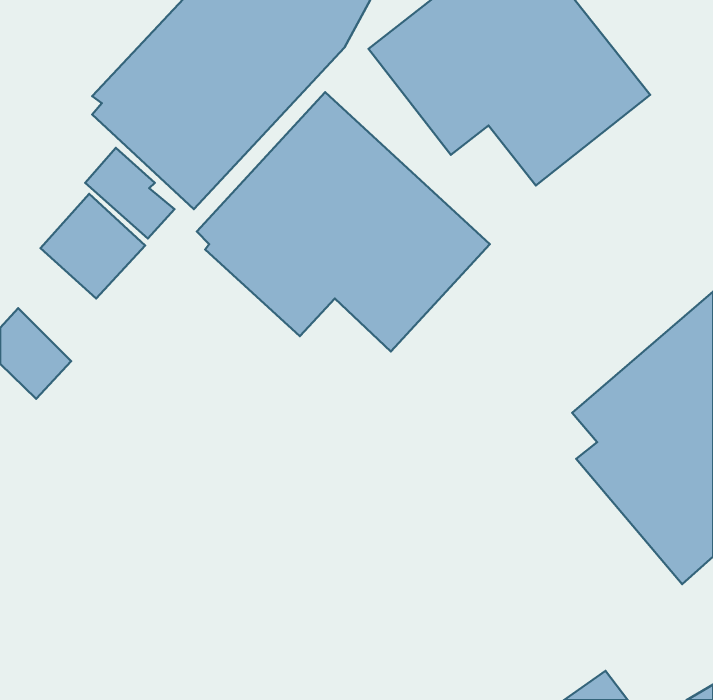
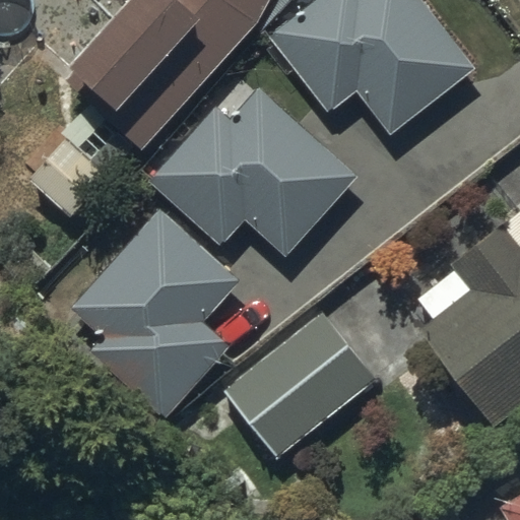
building: none -> [70,210,237,420]
building: none -> [219,305,377,456]

